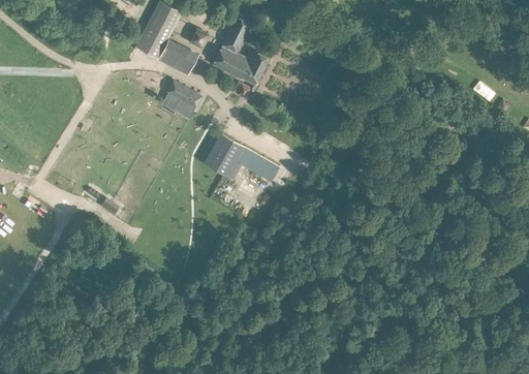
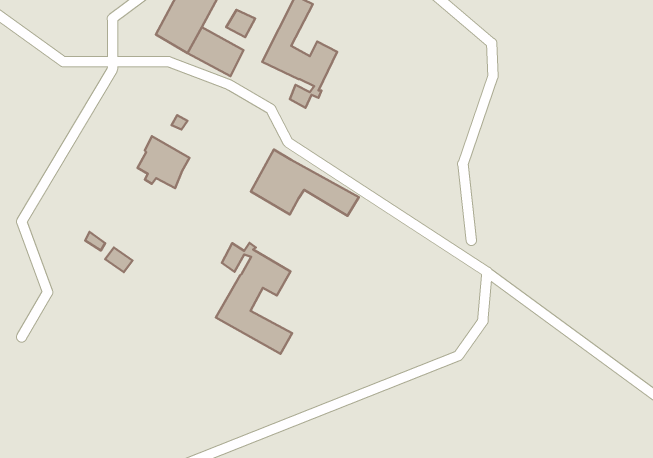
building: [162,81,199,118] -> [138,136,189,188]
building: none -> [216,243,292,354]

